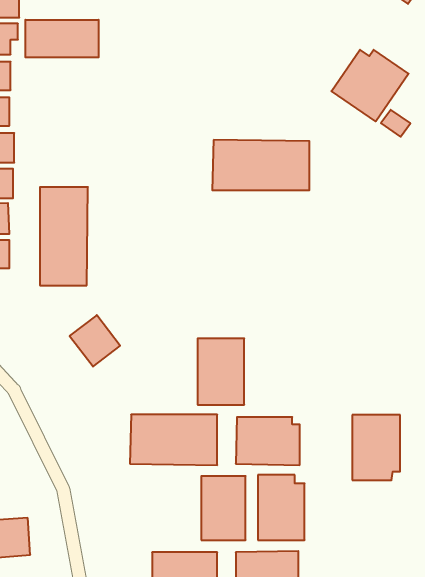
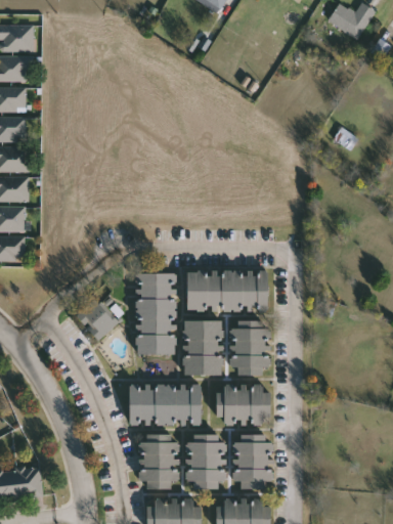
building: [25,20,99,57] -> none
building: [331,50,409,121] -> none
building: [212,140,309,190] -> [184,268,265,310]
building: [40,187,88,285] -> [135,272,175,354]
building: [352,415,400,480] -> [228,319,268,374]
building: none -> [137,434,177,487]

